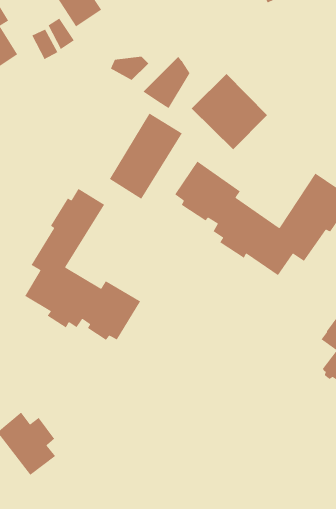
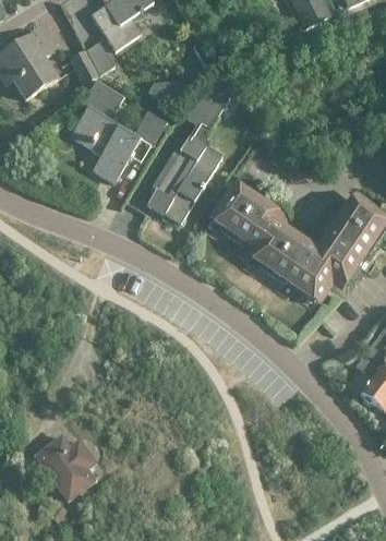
building: none -> [72,80,168,181]
building: [191,73,268,150] -> none
building: [24,188,141,341] -> none

